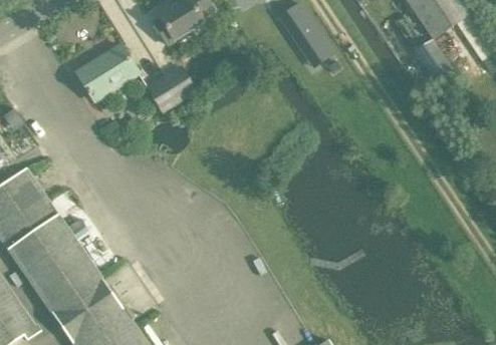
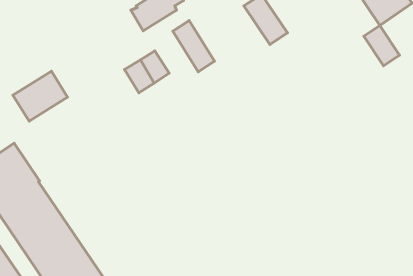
building: none -> [173,21,214,72]
building: [77,43,139,99] -> [13,71,68,121]

